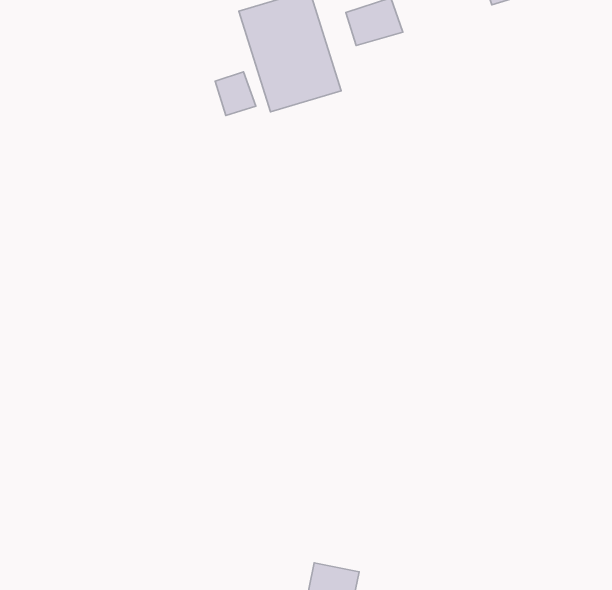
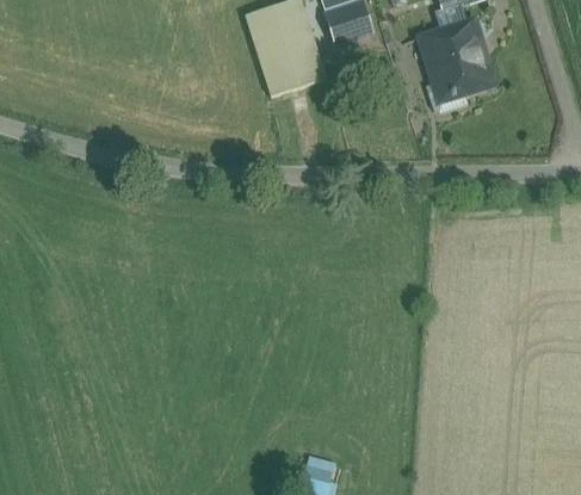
building: none -> [418,20,492,112]
building: [215,72,256,115] -> none

